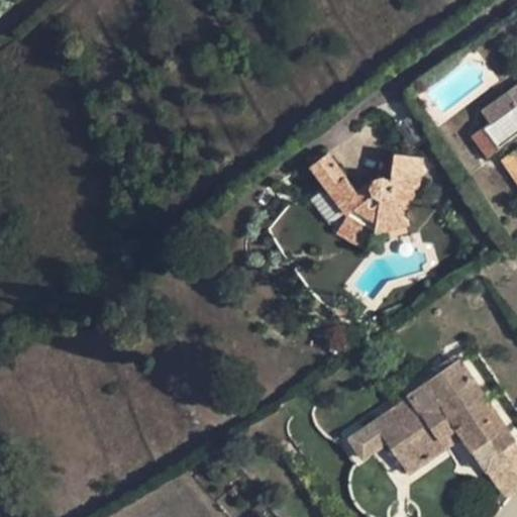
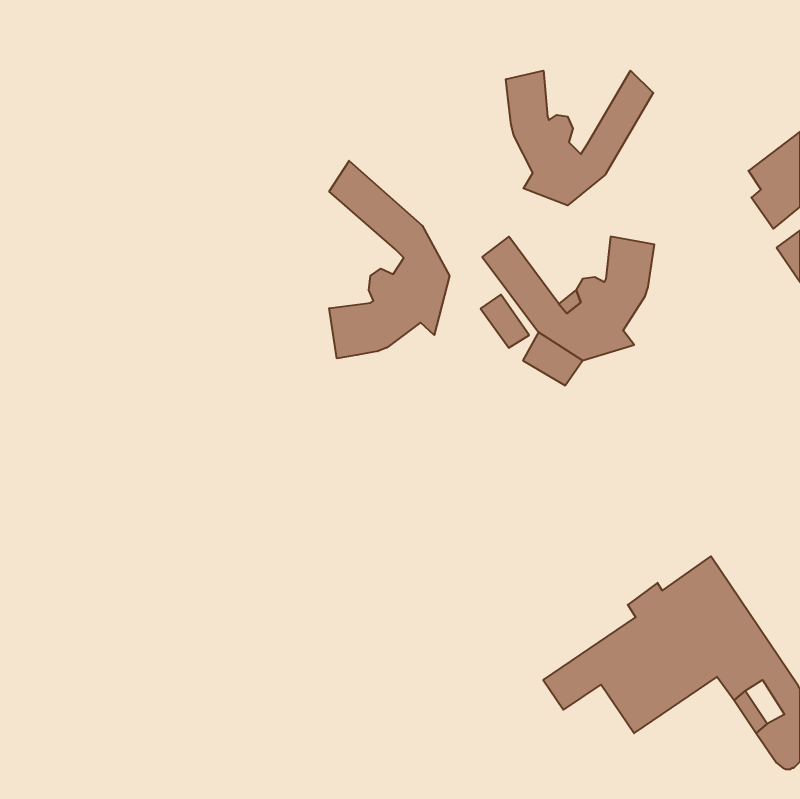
building: none -> [506,71,653,205]
building: none -> [329,161,449,358]

